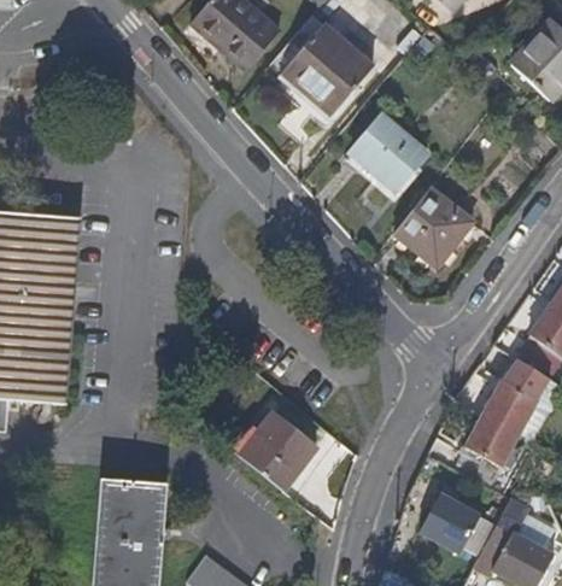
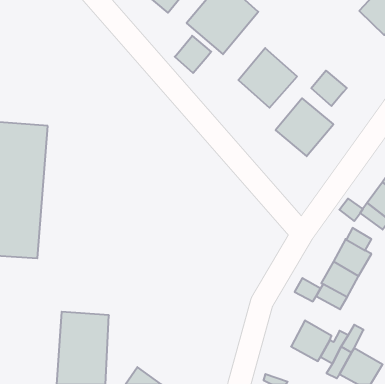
building: none -> [175,36,211,73]
building: none -> [311,71,347,106]
building: [238,411,316,490] -> none

